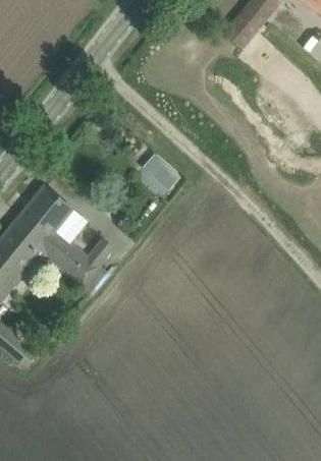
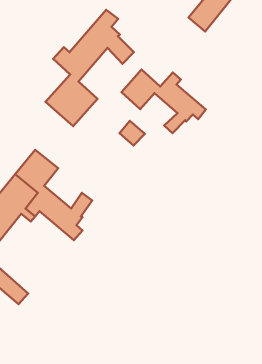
building: none -> [46,10,134,126]
building: none -> [121,70,206,133]

